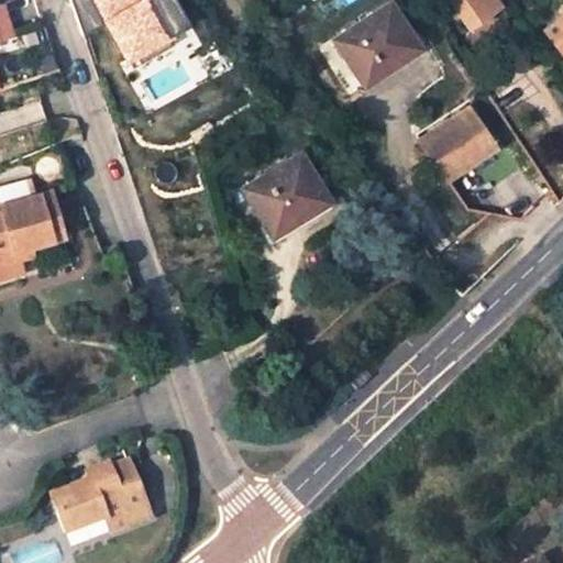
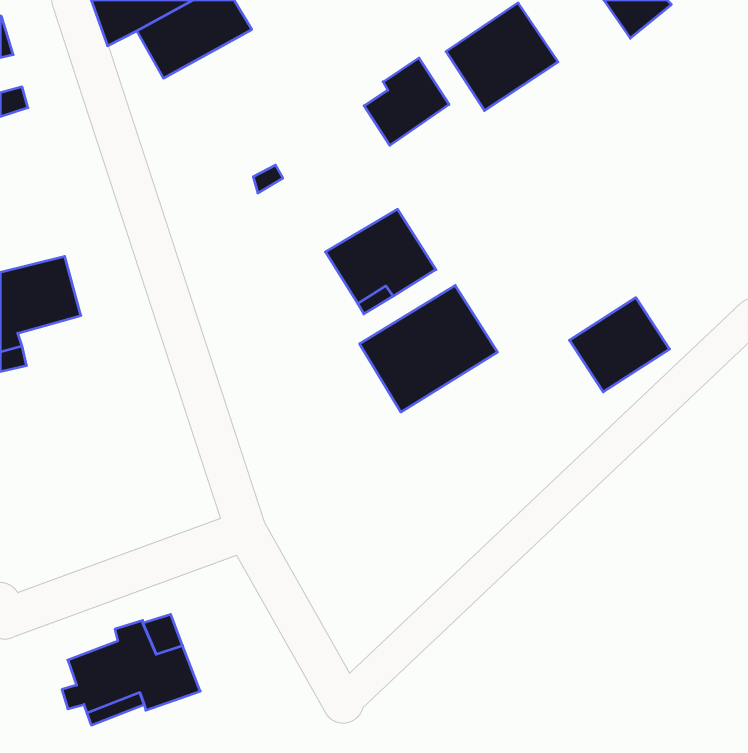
building: none -> [364,58,449,145]
building: [420,108,495,178] -> [569,298,670,392]
building: none -> [360,285,497,412]

